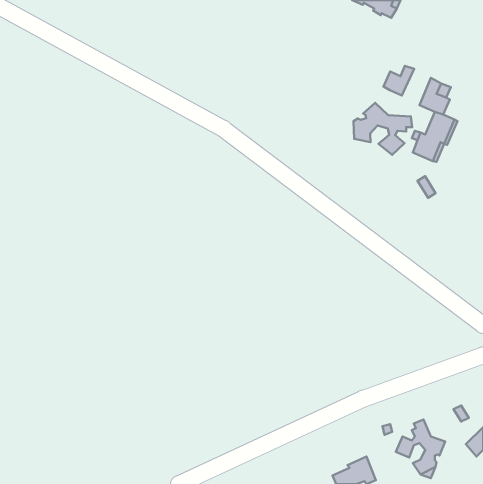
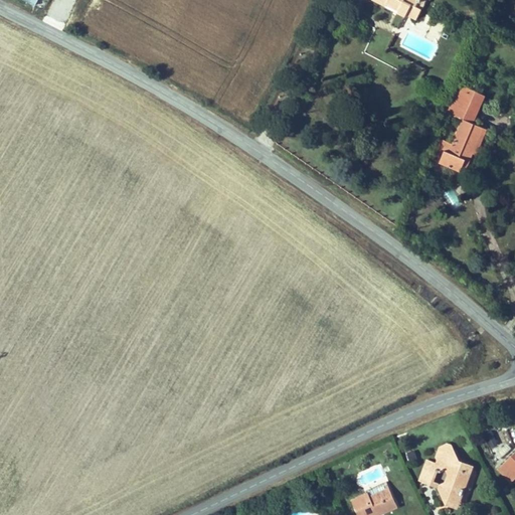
building: [383,66,414,95] -> none
building: [353,103,412,155] -> none

